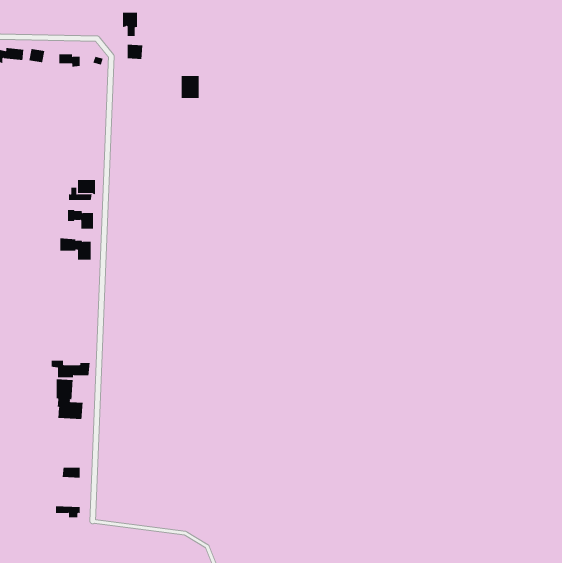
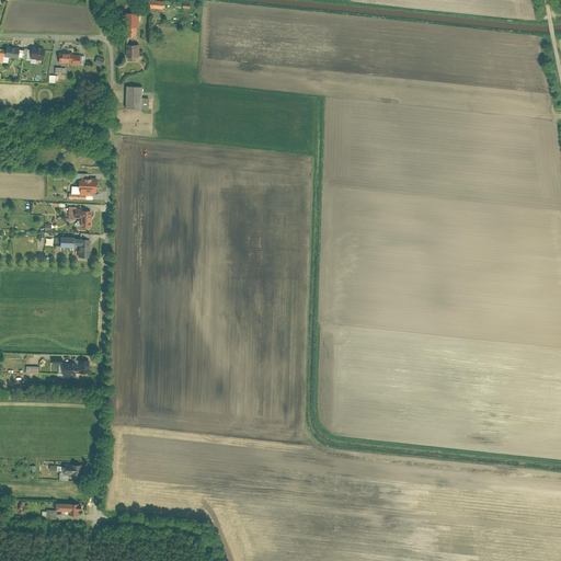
building: [181,75,199,98] -> [124,85,142,108]
building: [56,379,83,420] -> none

